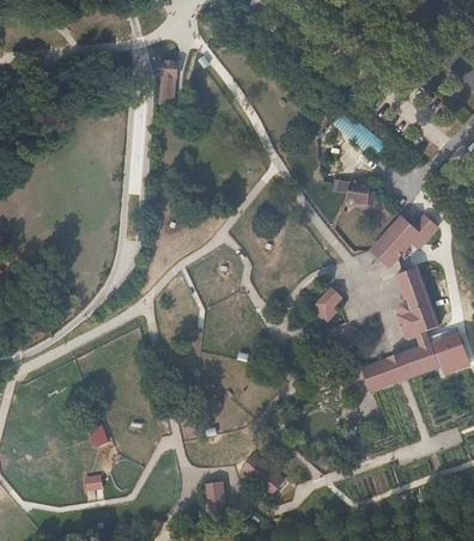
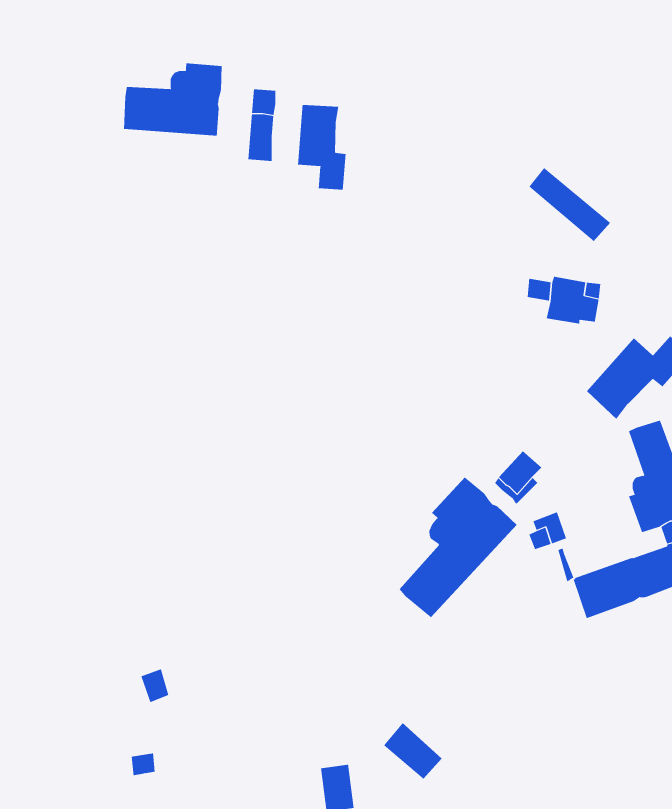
building: none -> [124,63,222,137]
building: none -> [297,104,346,190]
building: none -> [399,477,518,618]

